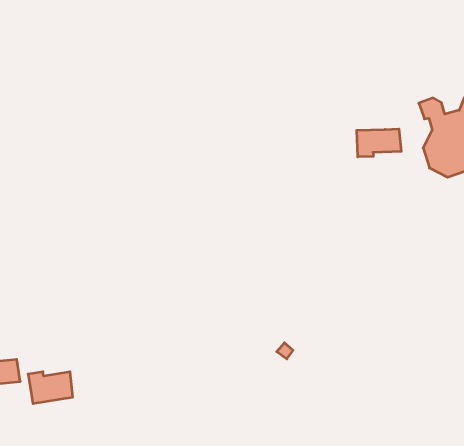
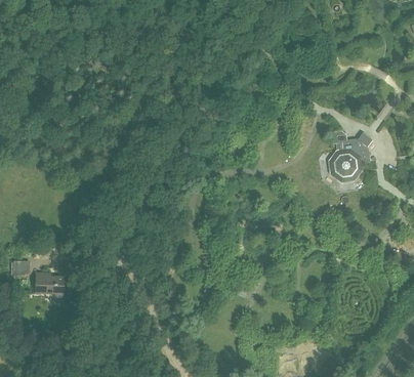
building: [357,129,401,157] -> none

